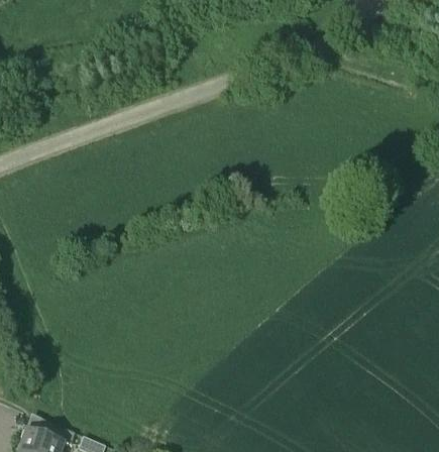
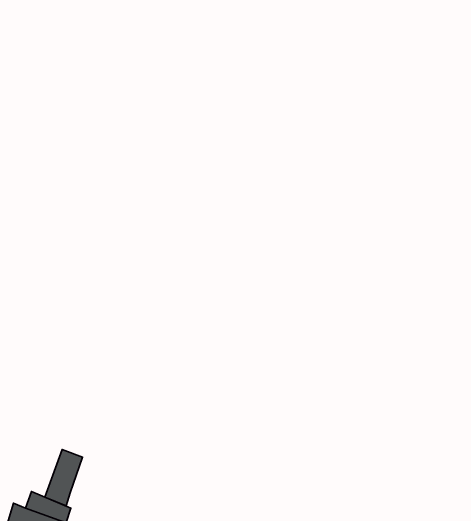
building: none -> [45,449,83,506]

